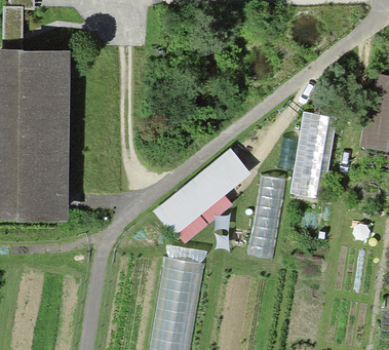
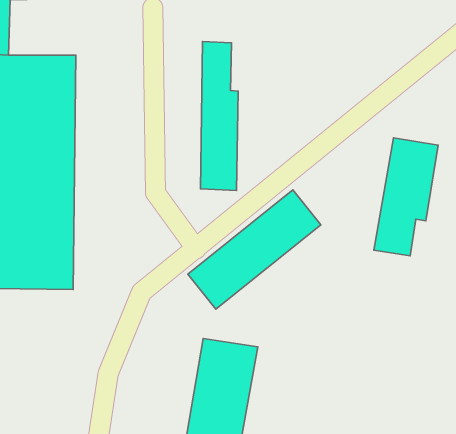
building: none -> [200,42,238,190]
building: [247,176,286,260] -> none

